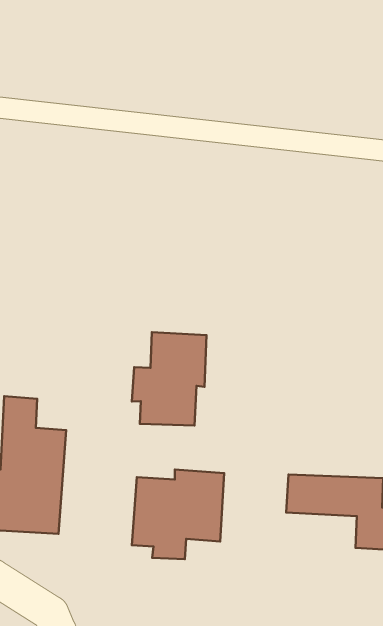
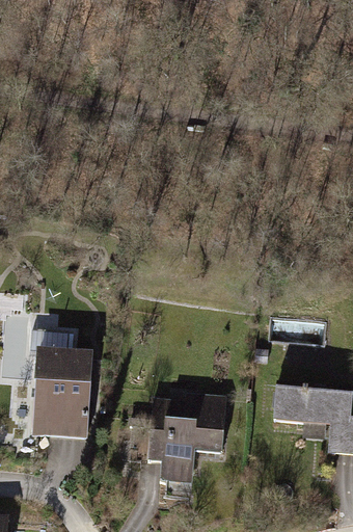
building: [132,332,207,426] -> none

